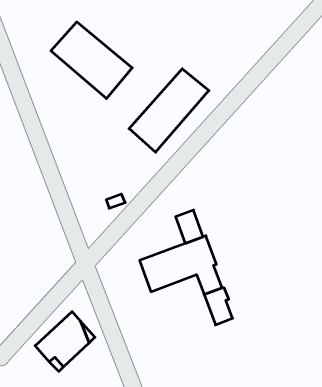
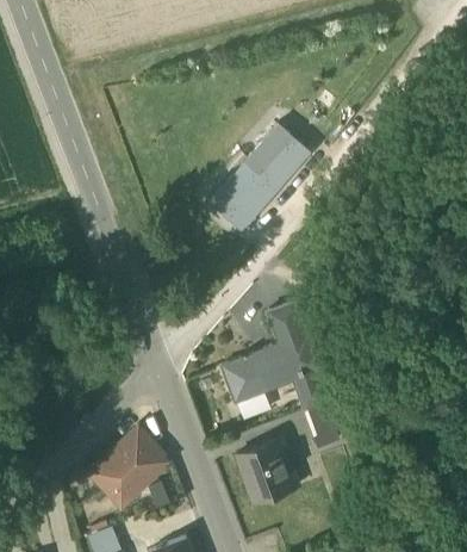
building: [51,22,132,99] -> none
building: none -> [236,439,298,501]

